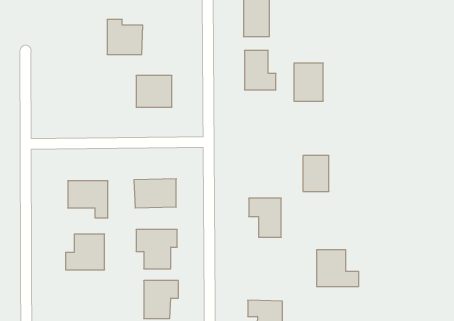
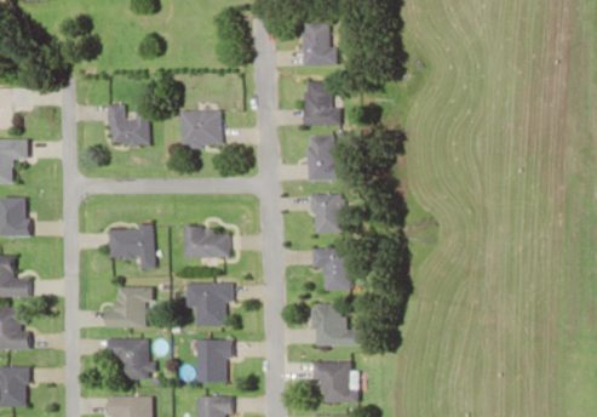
building: [107,20,143,54] -> [111,107,151,145]
building: [294,63,323,101] -> [308,137,340,179]
building: [303,156,329,191] -> [311,193,340,233]
building: [317,250,359,287] -> [310,304,357,345]
building: none -> [107,337,144,379]

